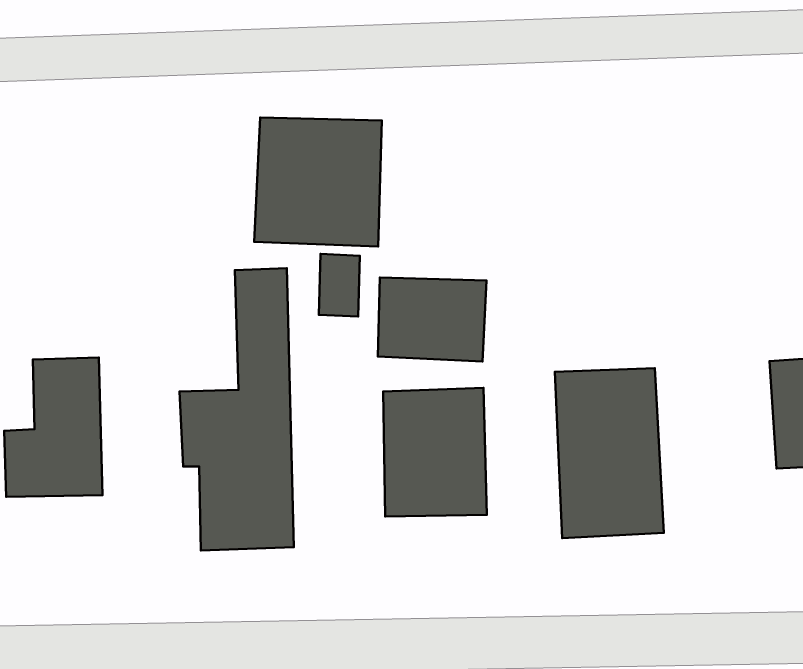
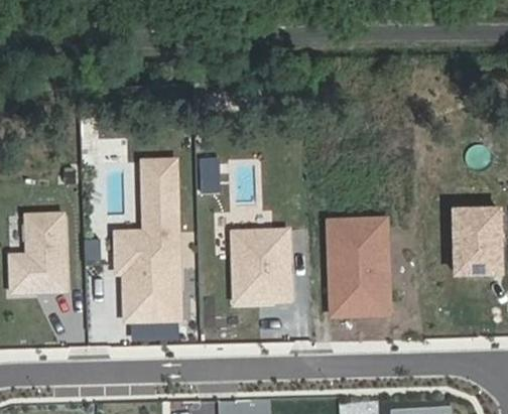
building: [254,117,382,246] -> none
building: [378,278,487,361] -> none

